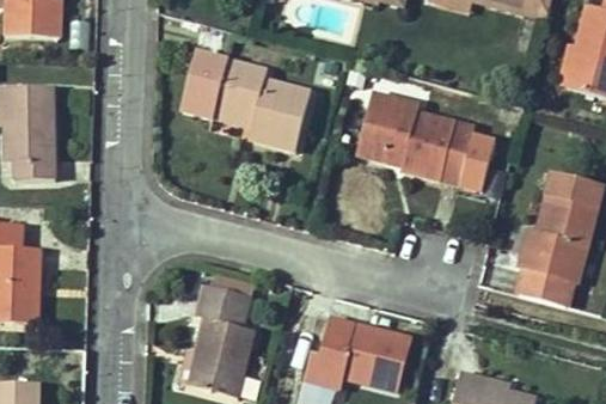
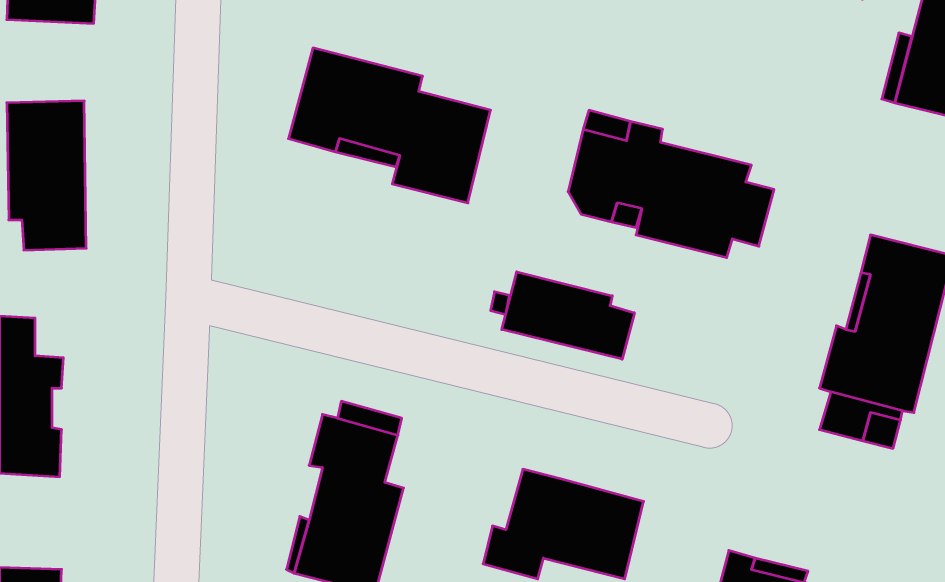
building: none -> [502,272,634,359]

